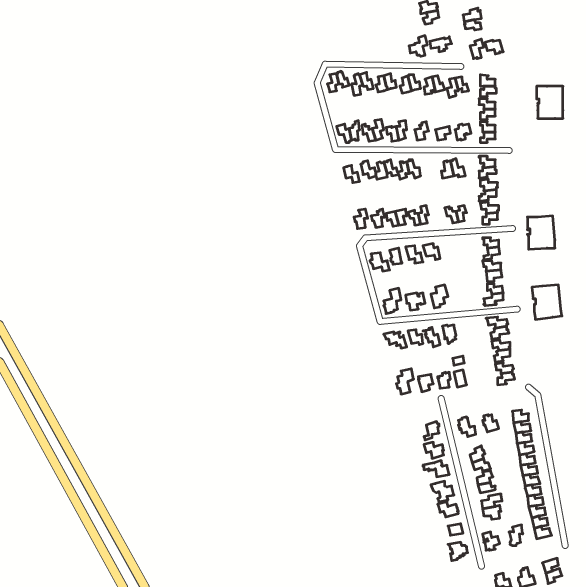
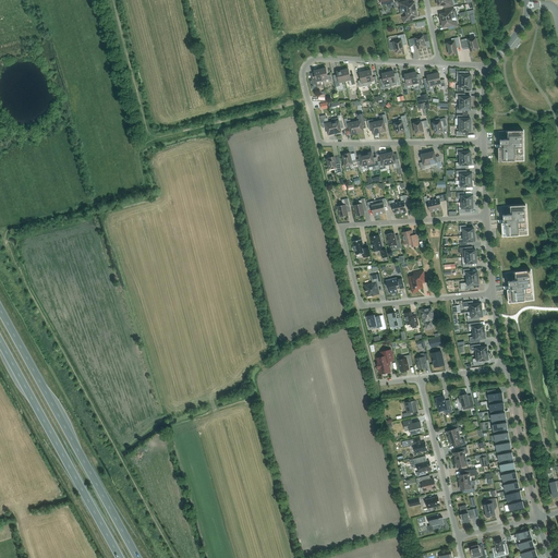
building: [537,86,563,118] -> [497,131,522,161]

